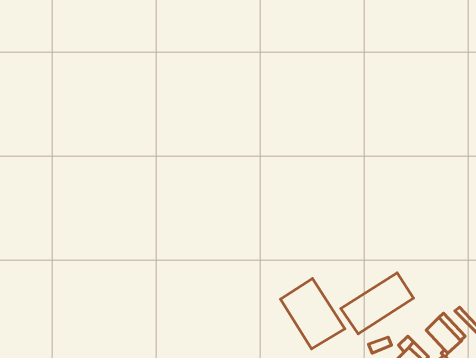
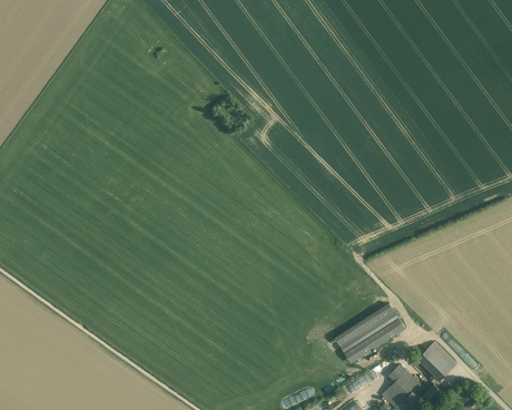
building: [280,279,345,349] -> none

